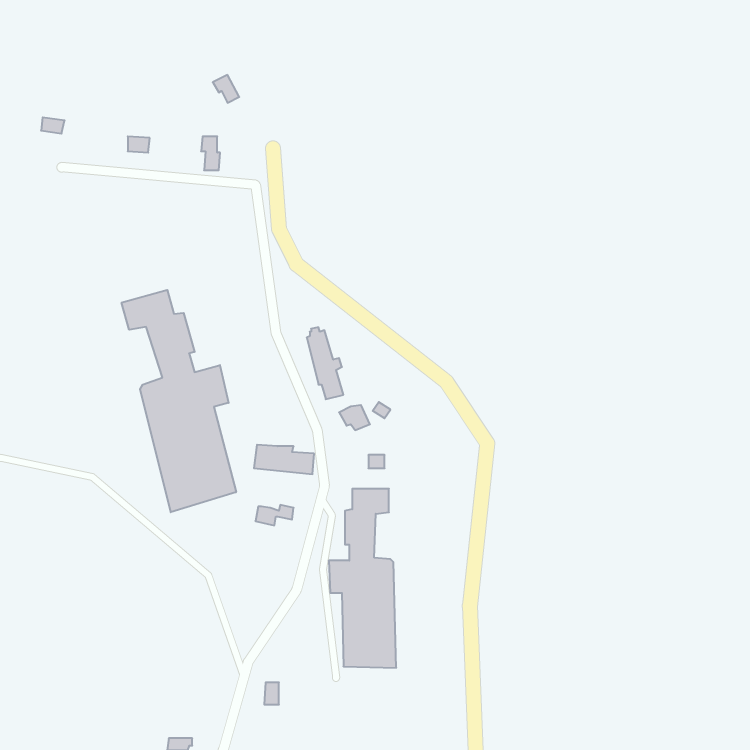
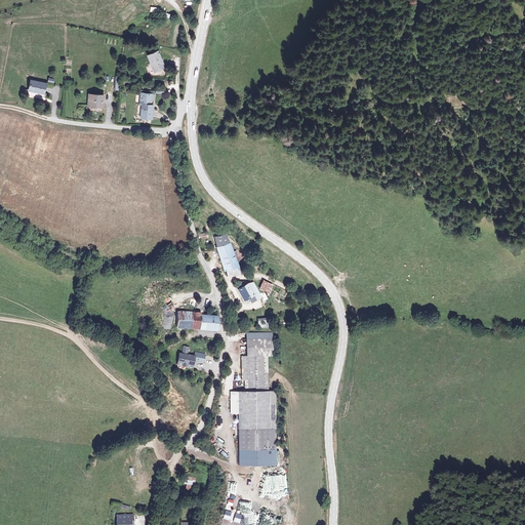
building: [122,290,236,512] -> none

